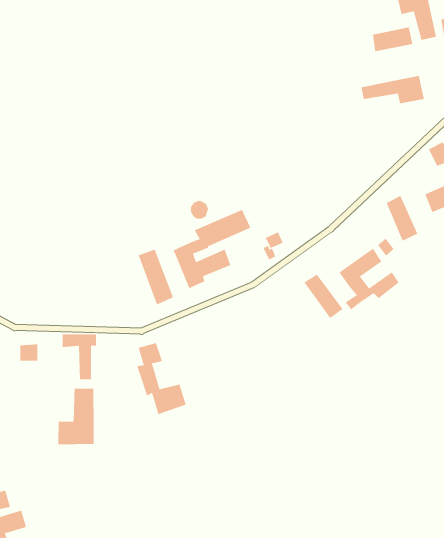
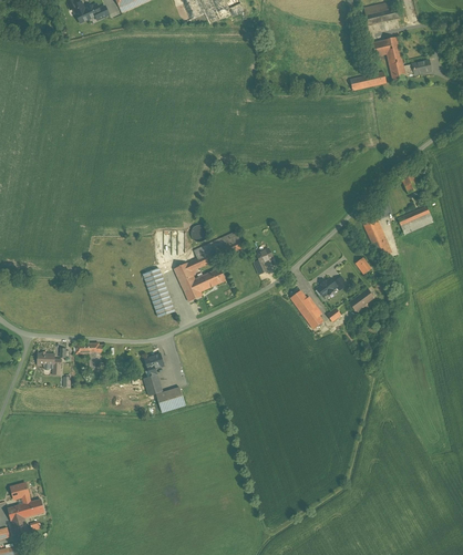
building: [361,75,425,104] -> none
building: [58,388,94,445] -> none

